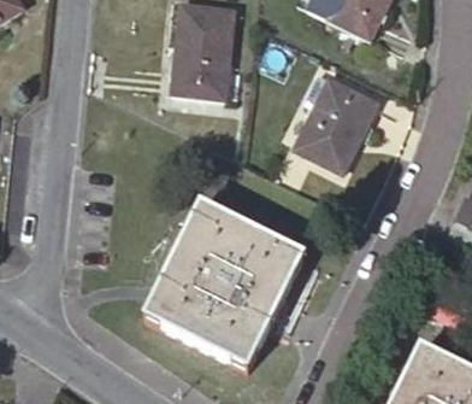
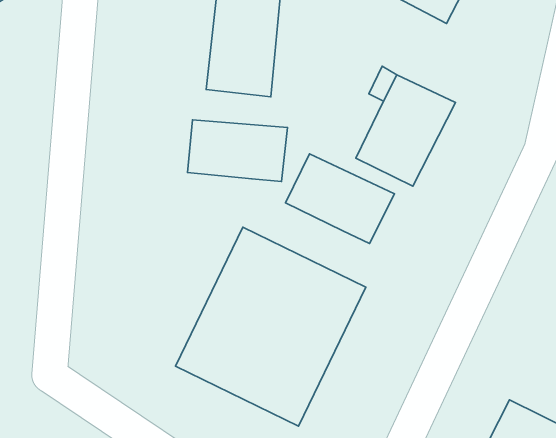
building: none -> [188,120,287,181]
building: none -> [286,154,395,244]

